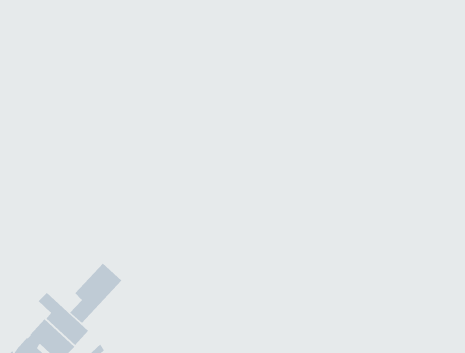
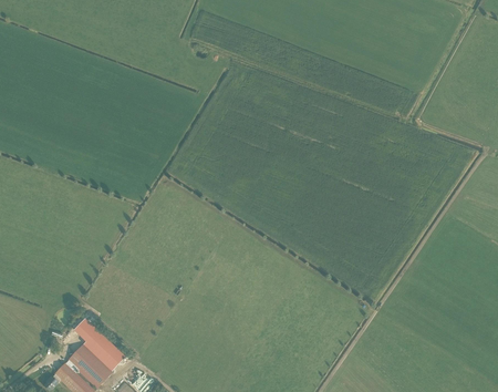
building: [69,263,122,324] -> none

